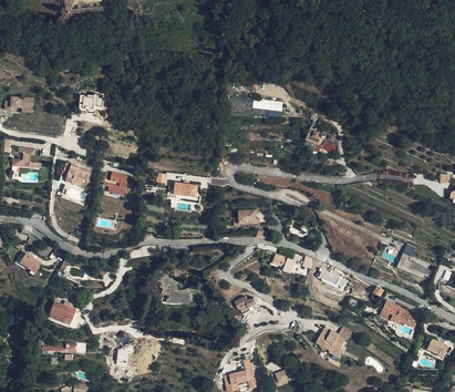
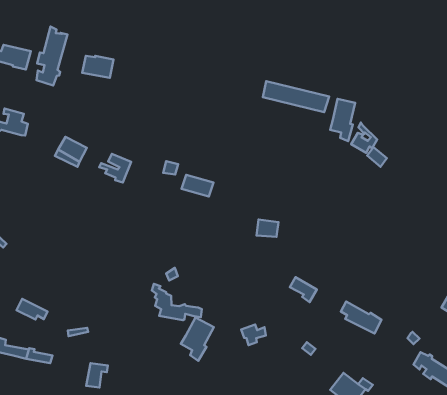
building: none -> [36,26,68,86]
building: none -> [330,99,355,141]
building: none -> [181,317,214,361]

